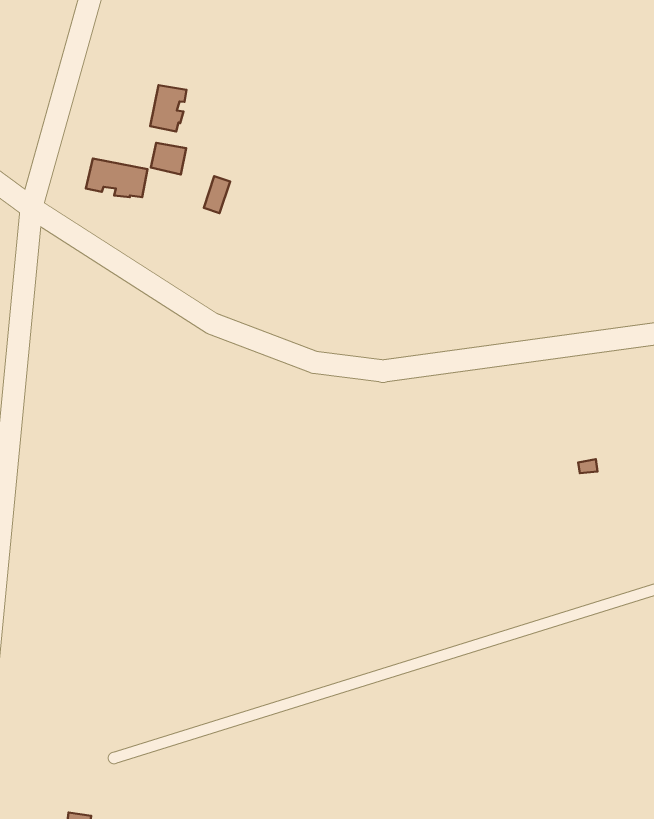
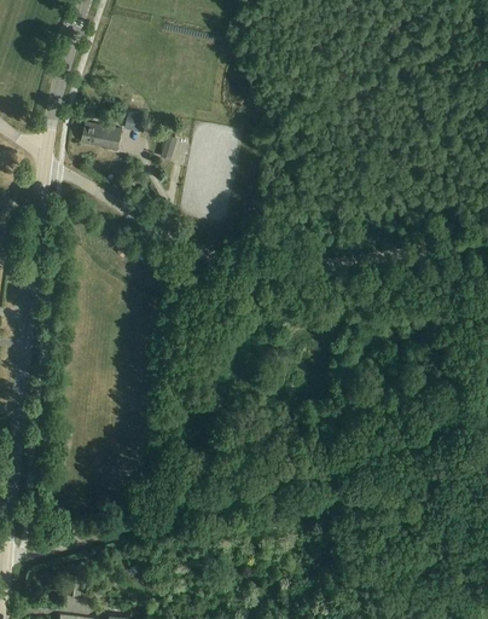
building: [150,85,186,132] -> none

